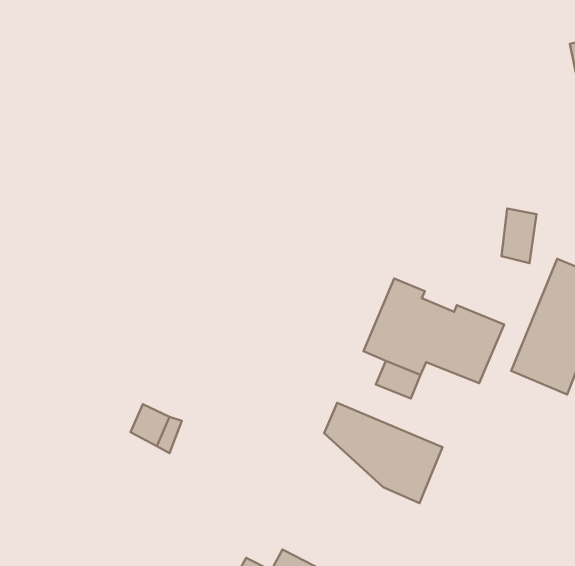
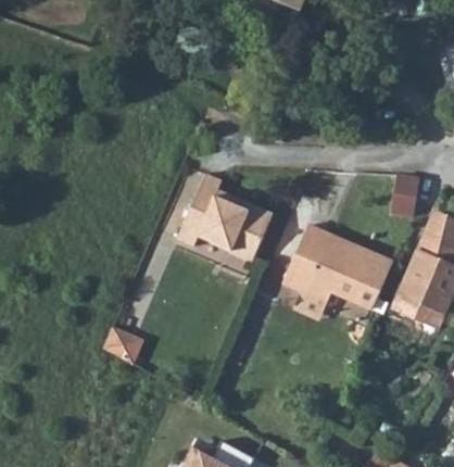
building: none -> [177,174,272,261]
building: [324,403,442,503] -> none

